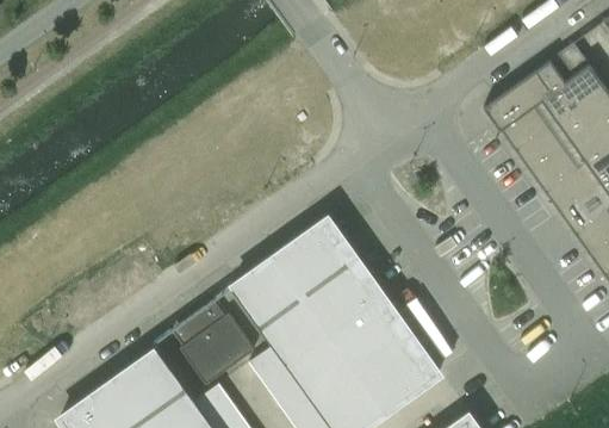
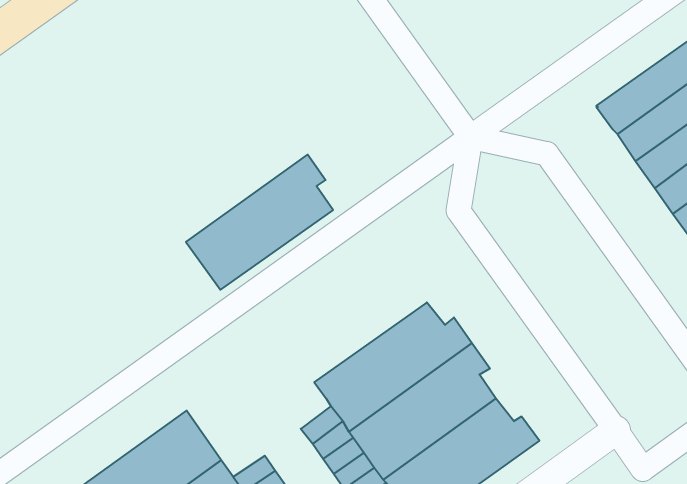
building: [232,218,349,325] -> [186,155,333,290]
building: [176,299,254,384] -> none

